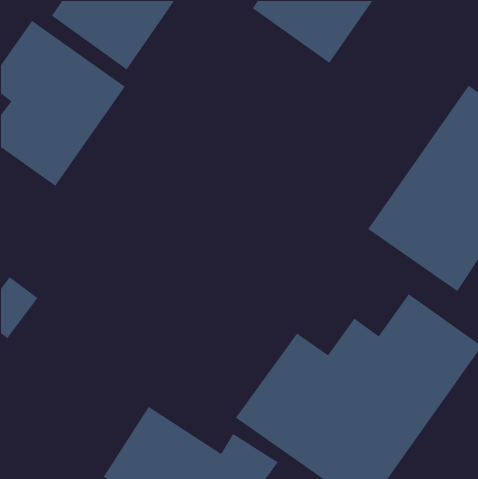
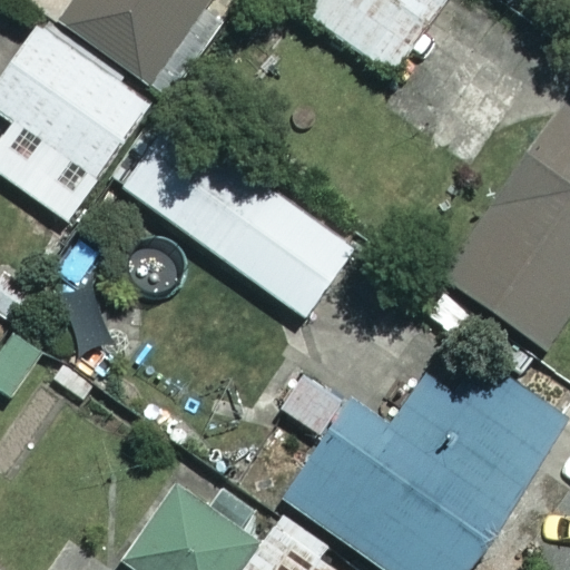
building: none -> [119,118,352,317]

